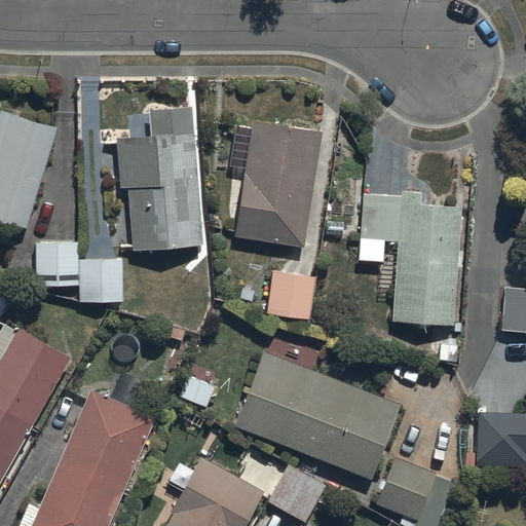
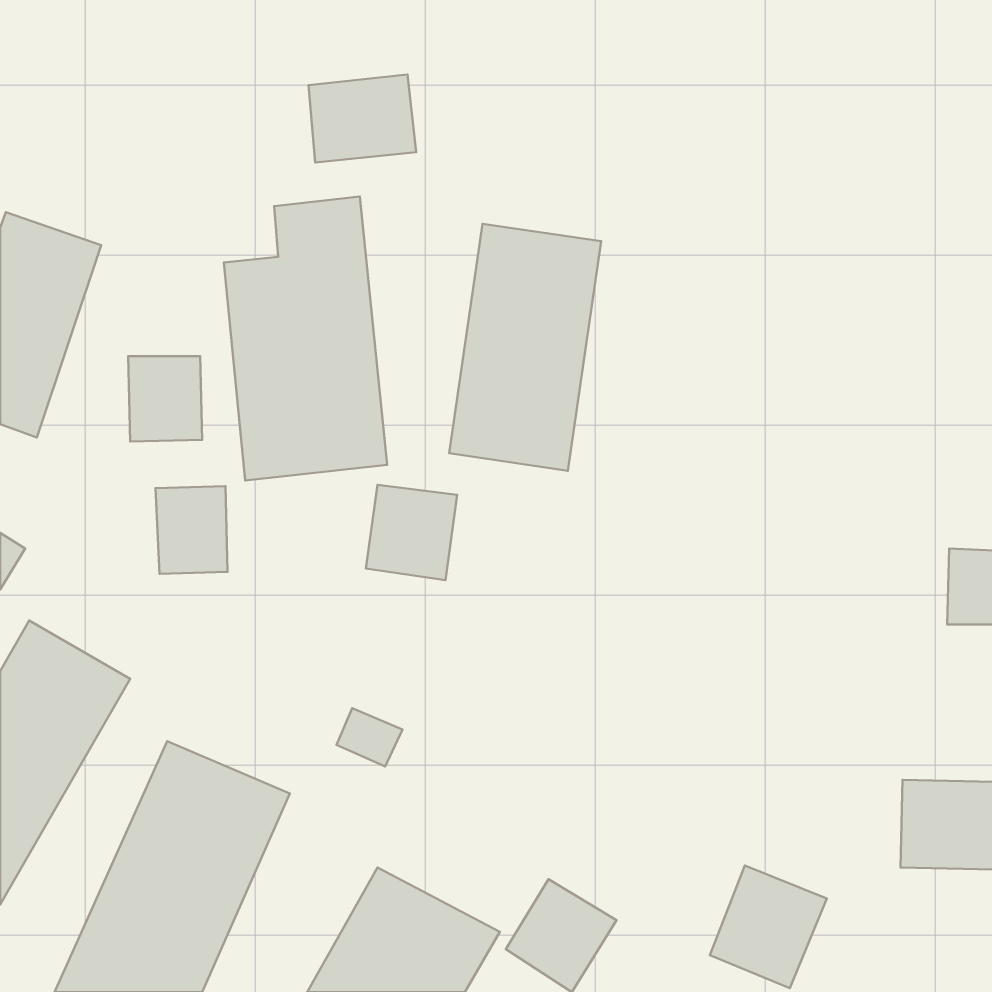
building: none -> [309,74,416,162]
building: [358,190,462,329] -> none
building: [38,240,77,286] -> [128,356,202,442]
building: [267,271,315,322] -> [366,485,457,580]
building: [234,353,399,482] -> none

